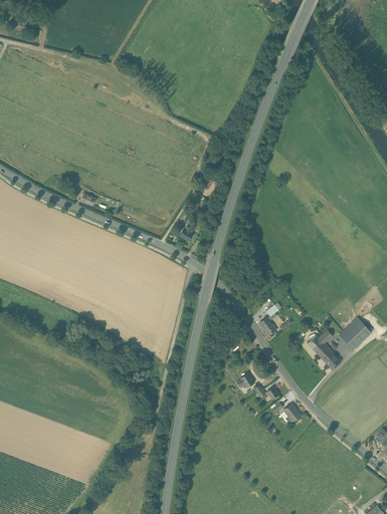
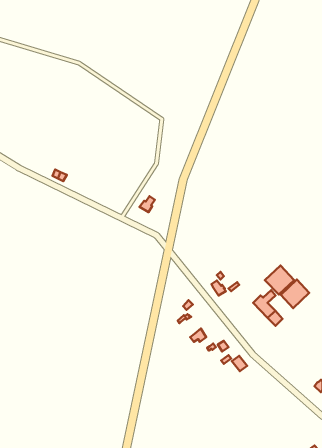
building: none -> [265,266,294,295]

